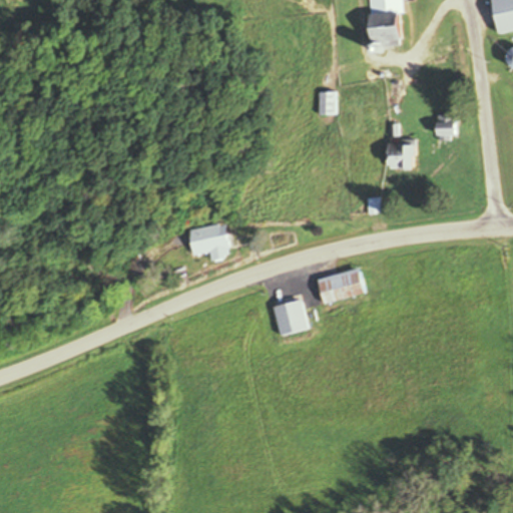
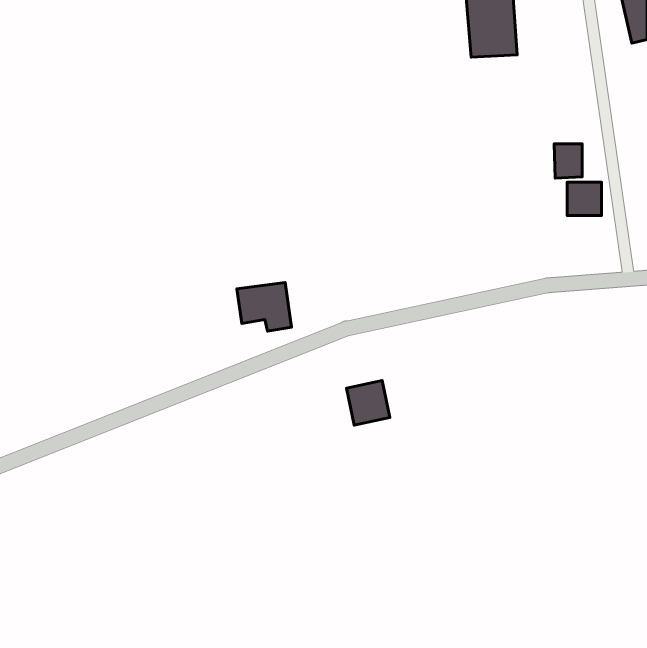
building: [319,91,337,114] -> none
building: [390,142,417,168] -> [567,182,601,215]
building: [317,268,365,304] -> none

